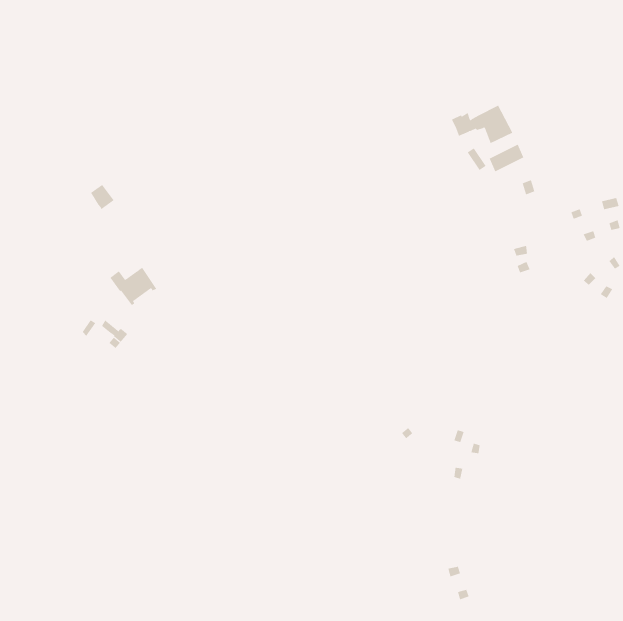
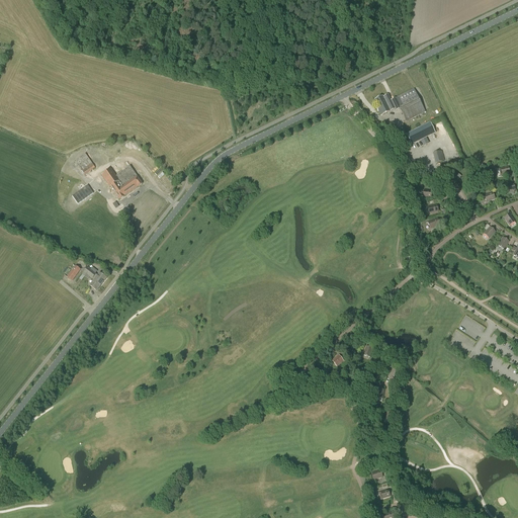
building: [110,267,157,306] -> [102,165,142,197]

